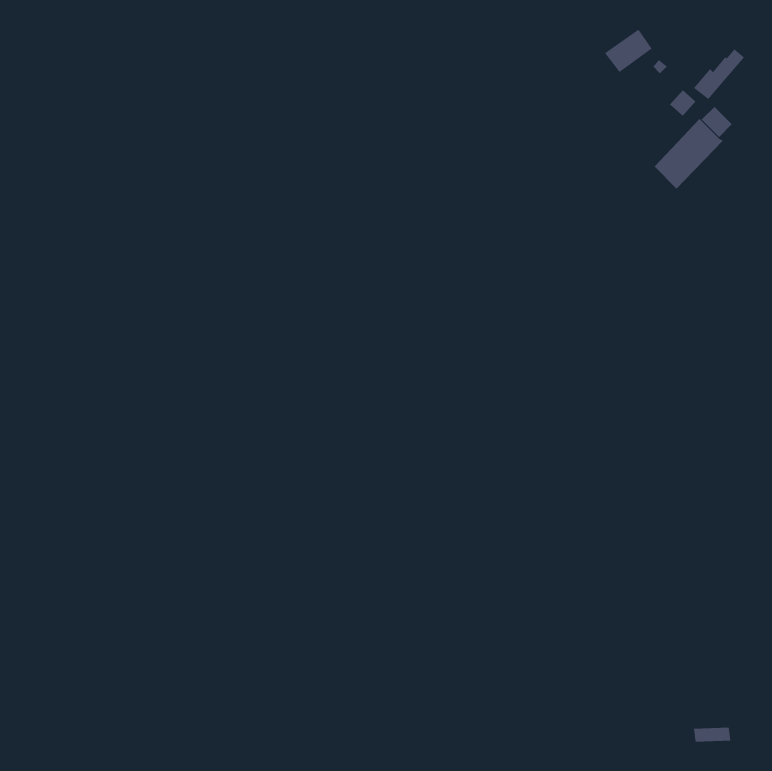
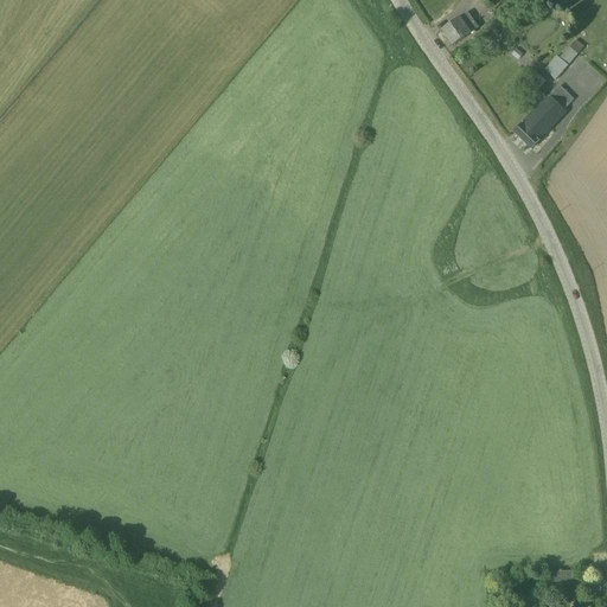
building: [604,29,653,73] -> [440,9,478,44]

